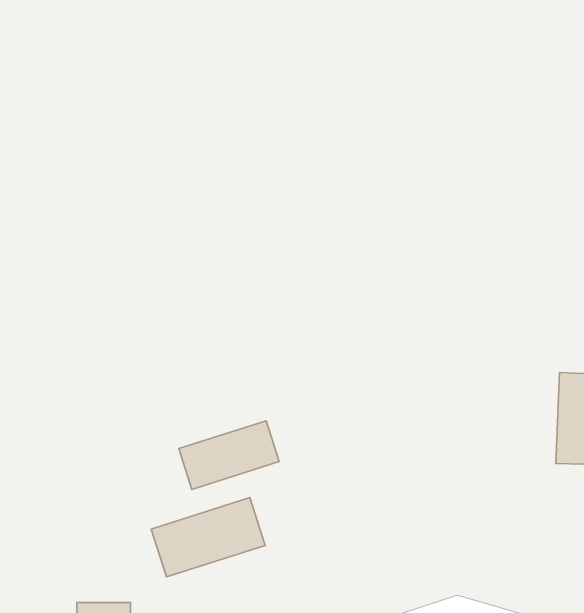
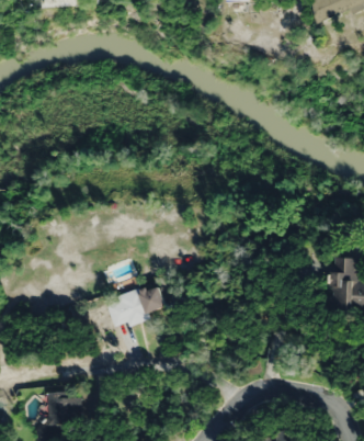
building: [151,498,265,577] -> none

